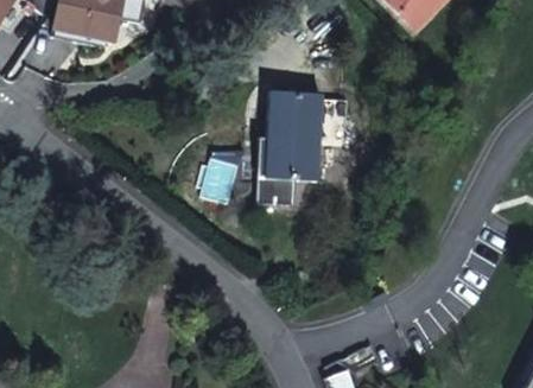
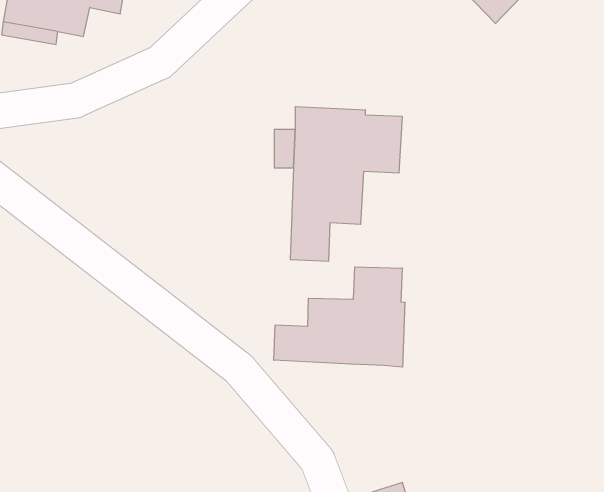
building: none -> [274,267,405,367]

